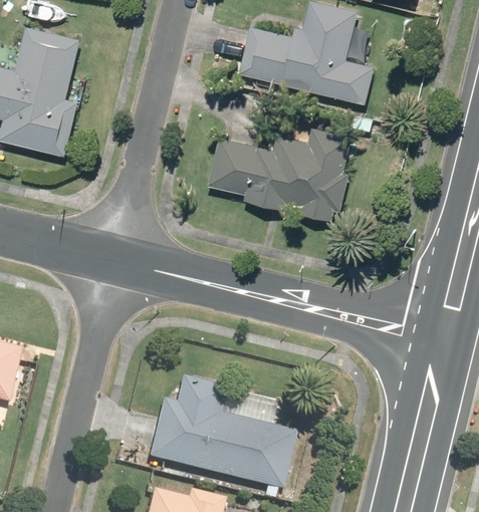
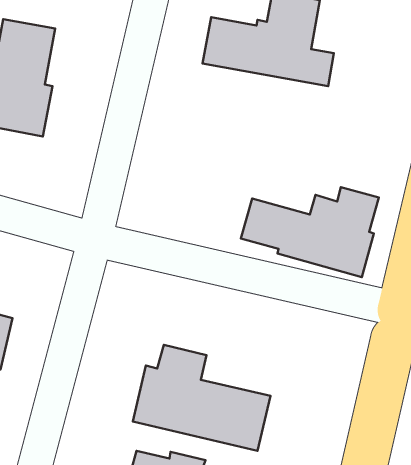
building: [203,127,349,223] -> [241,187,379,277]

